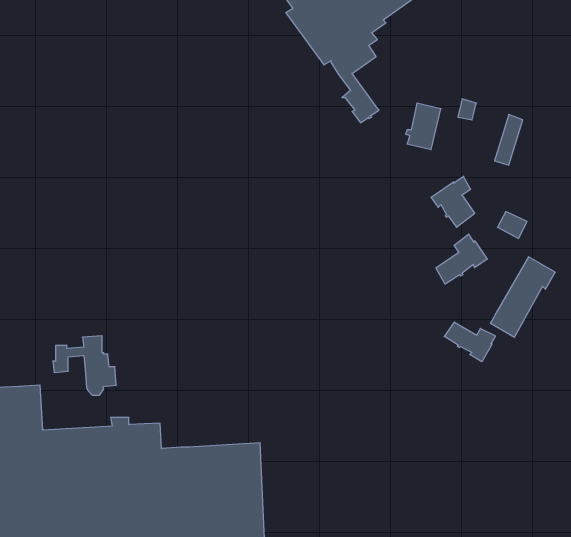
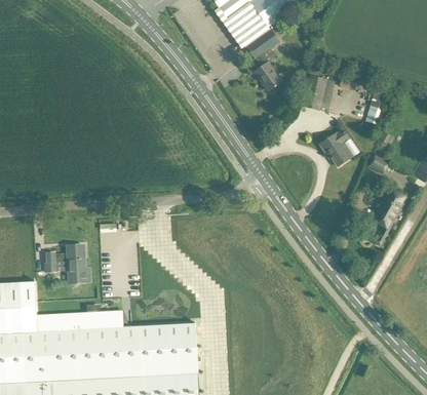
building: [436,234,487,284] -> none
building: [444,322,495,362] -> none

